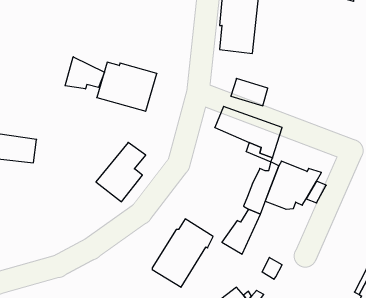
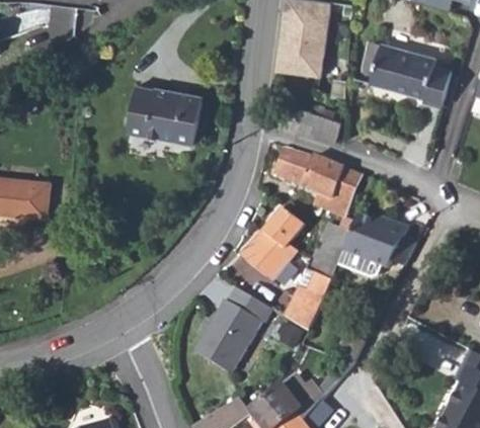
building: none -> [374,40,454,104]
building: [65,57,104,89] -> none
building: [96,142,146,202] -> [241,207,304,282]

